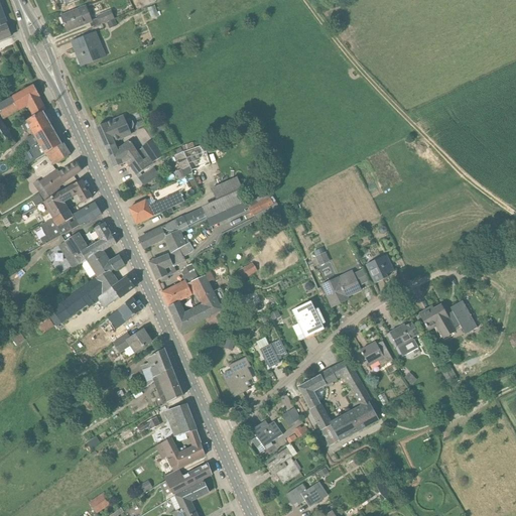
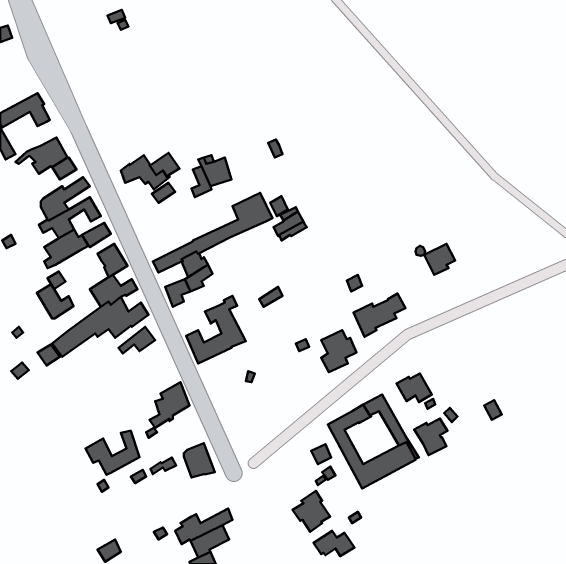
building: [62,5,92,29] -> none
building: [72,31,106,64] -> none
building: [19,111,51,133] -> none
building: [97,114,134,155] -> none
building: [129,190,184,224] -> none
building: [66,232,99,263] -> [37,284,73,318]
building: [366,254,394,282] -> [424,244,455,275]
building: [163,262,199,305] -> none
building: [420,300,477,338] -> none
building: [389,321,419,355] -> [414,418,447,455]
building: [113,329,151,351] -> none
building: [260,338,287,367] -> none
building: [223,356,251,395] -> none
building: [154,369,183,402] -> none
building: [252,420,282,446] -> none
building: [155,429,205,470] -> [85,431,140,475]

